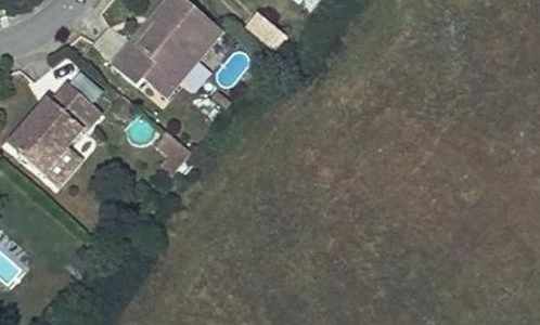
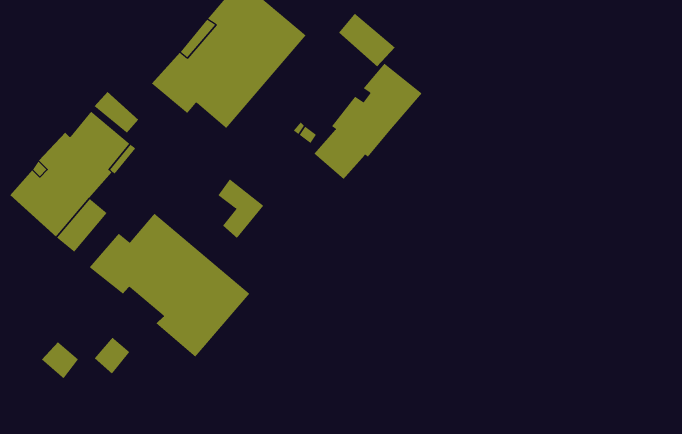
building: none -> [313,63,423,180]
building: none -> [89,213,250,357]

